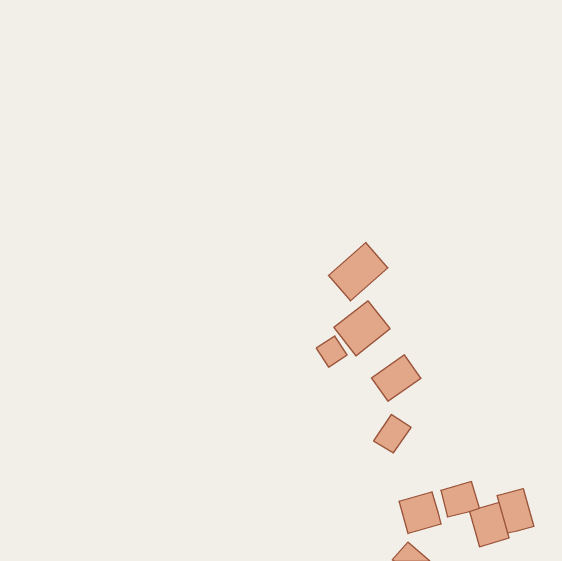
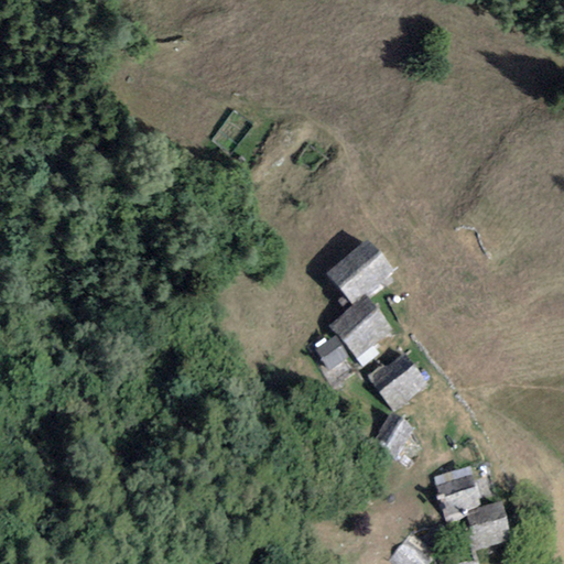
building: [497,489,534,533] -> none
building: [399,492,441,534] -> none

